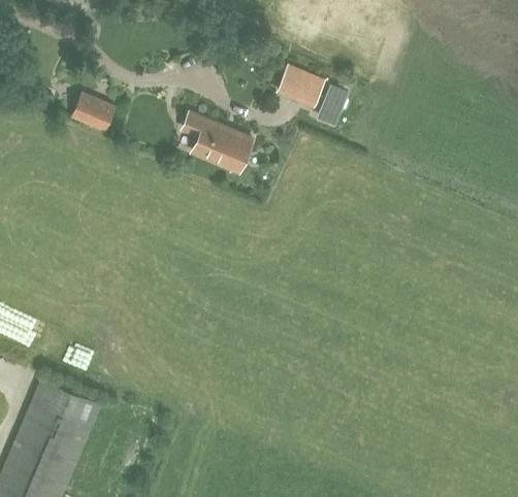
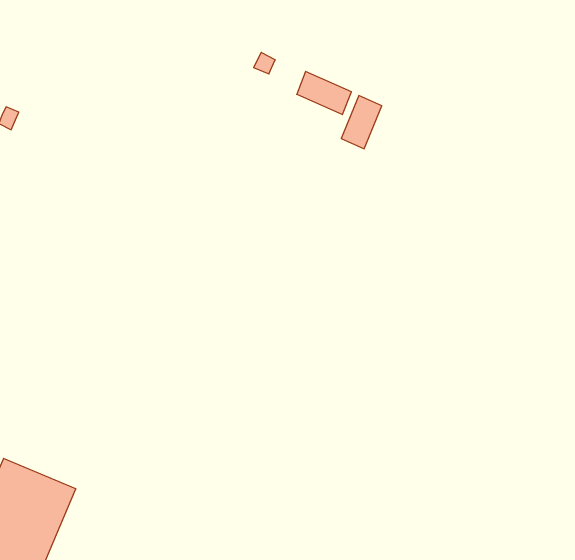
building: [70,94,115,131] -> none
building: [182,113,252,172] -> none

